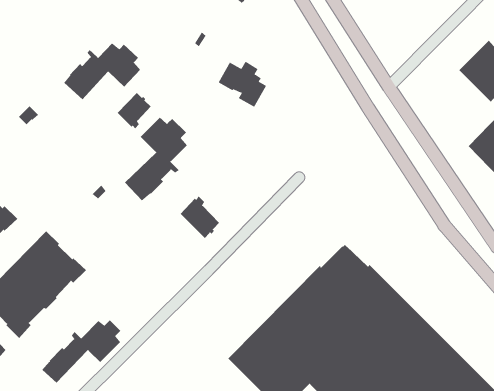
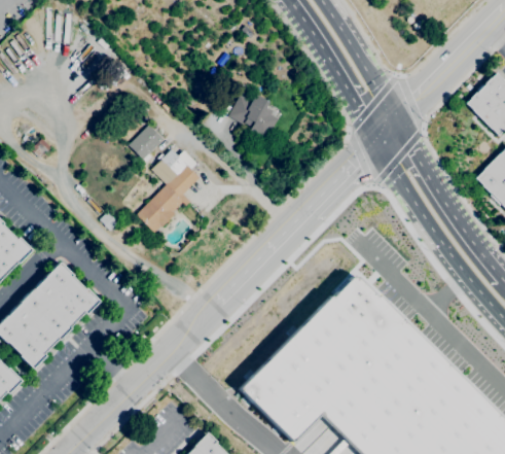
building: [63,42,141,100] -> none
building: [180,195,220,239] -> none
building: [41,319,121,383] -> none

